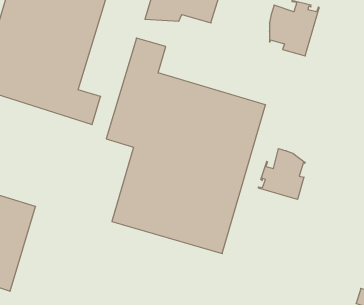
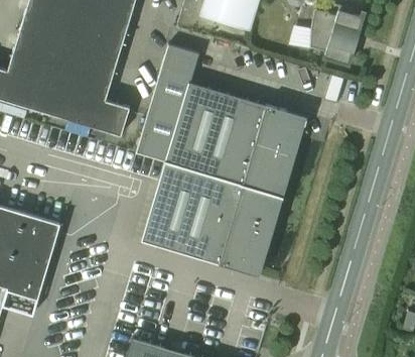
building: [258,149,305,199] -> none

